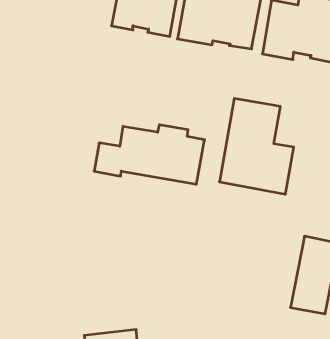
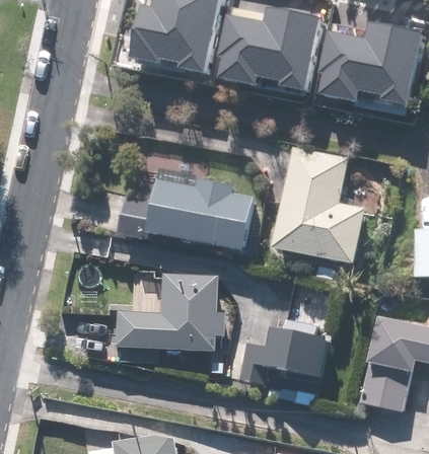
building: none -> [112,271,221,353]
building: none -> [238,330,328,402]

